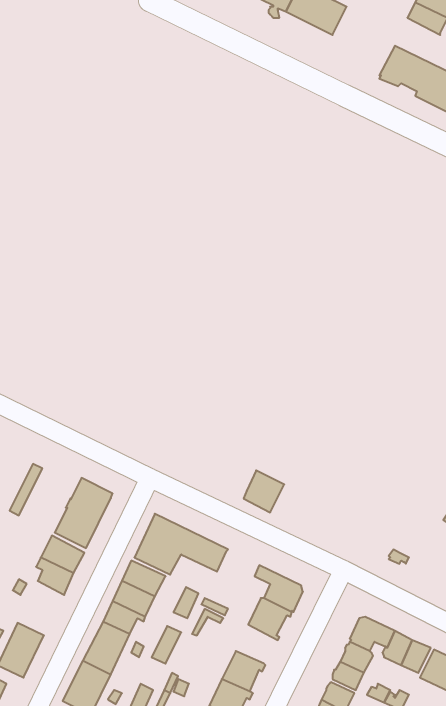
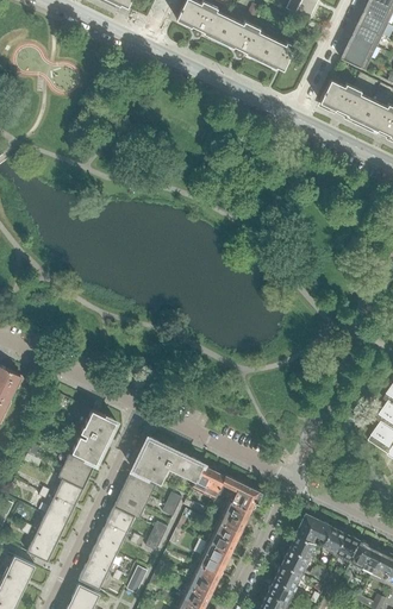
building: [244,470,284,512] -> [193,465,224,497]
building: none -> [43,488,79,529]
building: none -> [210,521,242,551]

